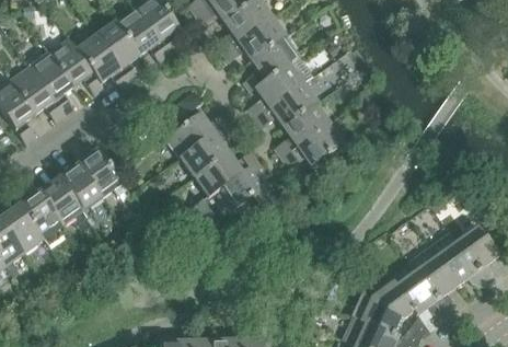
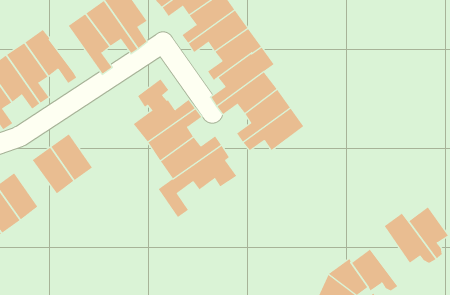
building: [76,33,131,90] -> none
building: [38,175,83,224] -> none
building: [409,245,458,309] -> none

